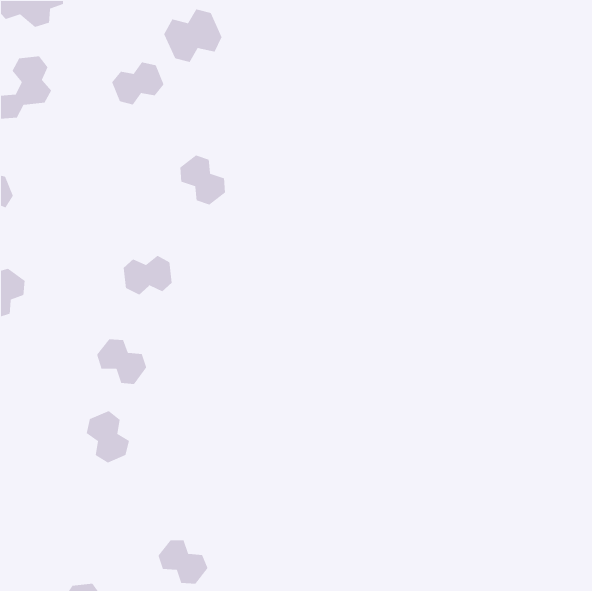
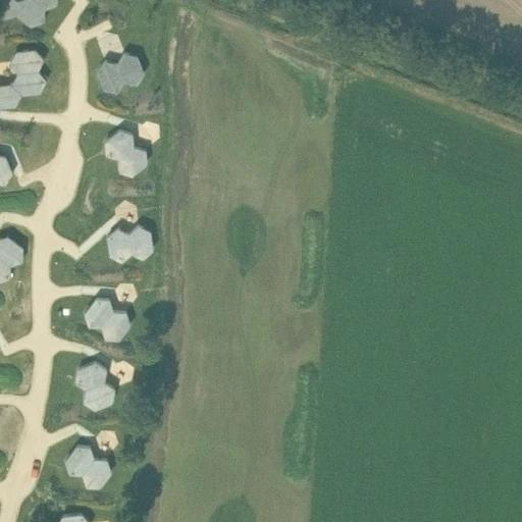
building: [163,9,223,63] -> none
building: [179,155,226,205] -> [106,129,147,174]
building: [157,539,208,585] -> [66,447,111,486]

